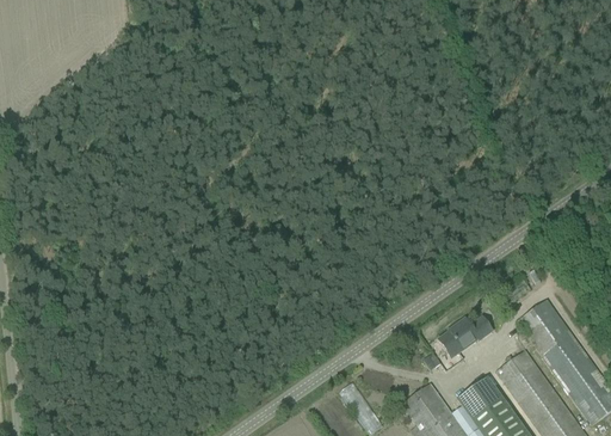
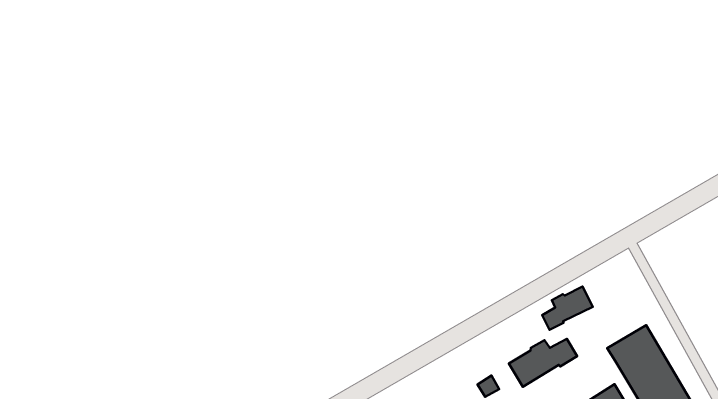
building: none -> [542,286,593,330]

